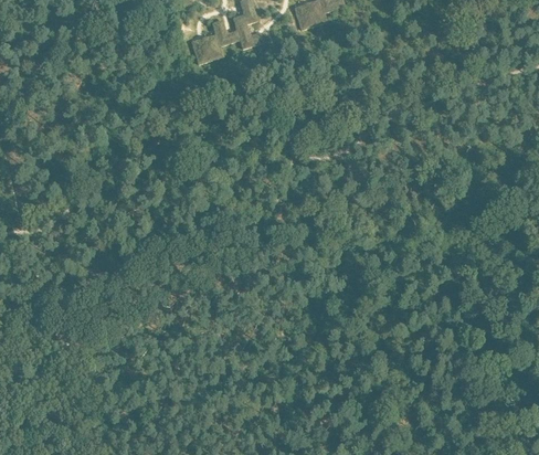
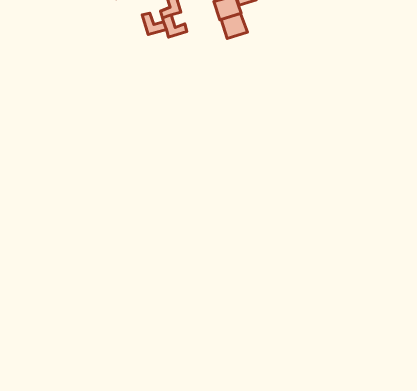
building: none -> [221,14,247,39]
building: [191,35,222,63] -> none

